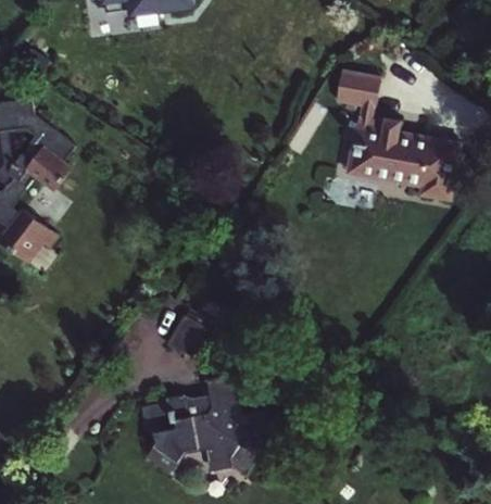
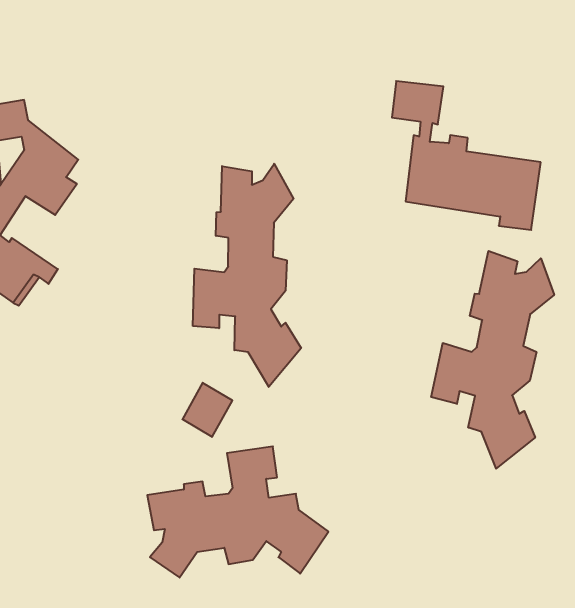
building: none -> [193,164,301,387]
building: none -> [431,251,554,469]

